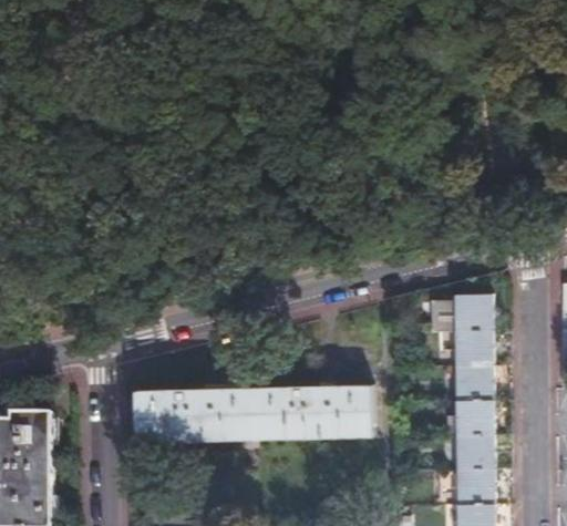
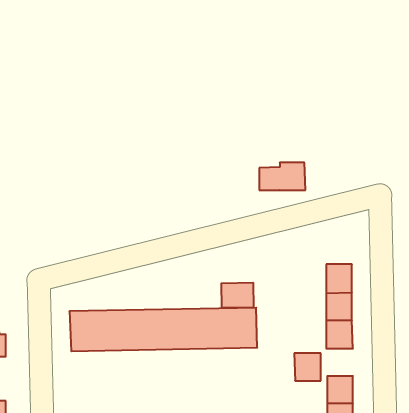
building: [432,298,489,332] -> [259,163,305,190]
building: none -> [221,283,254,308]
building: [457,437,491,472] -> [294,353,321,381]

